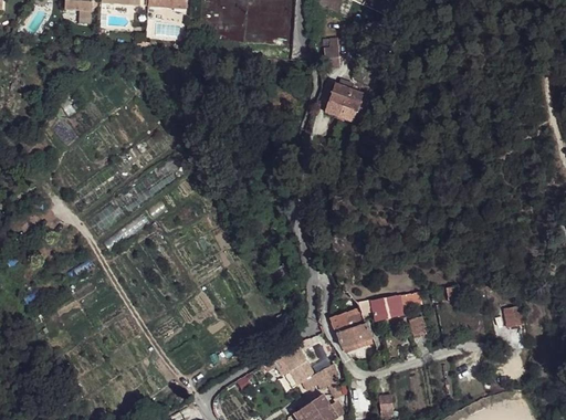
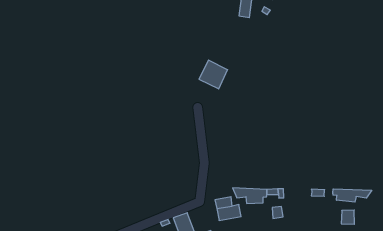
building: [325,84,361,120] -> [199,60,228,89]
building: none -> [333,189,372,202]

